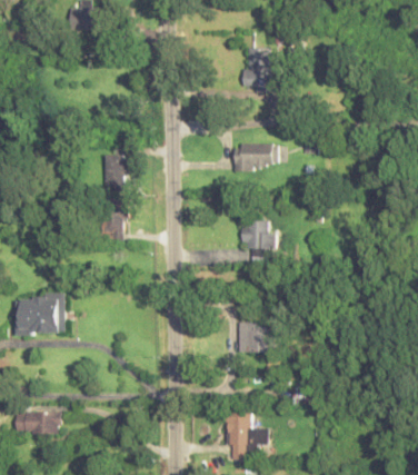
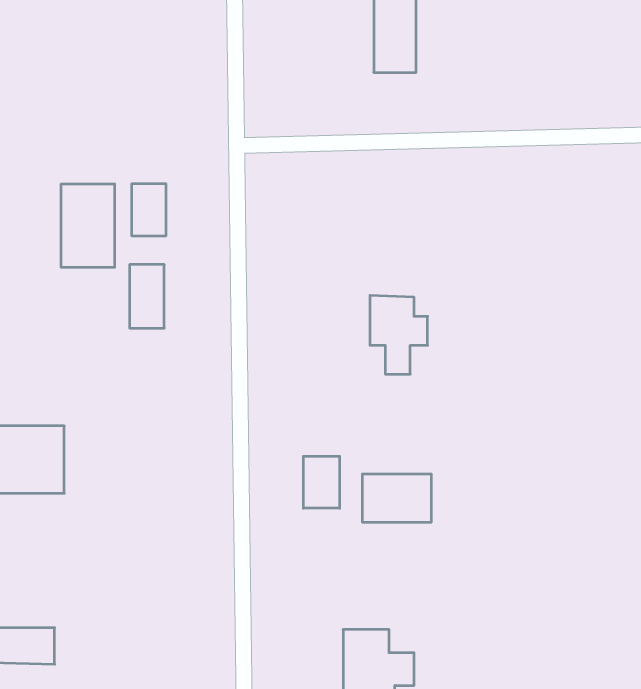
building: [231,142,279,168] -> none
building: none -> [61,184,115,267]
building: none -> [303,456,340,508]

